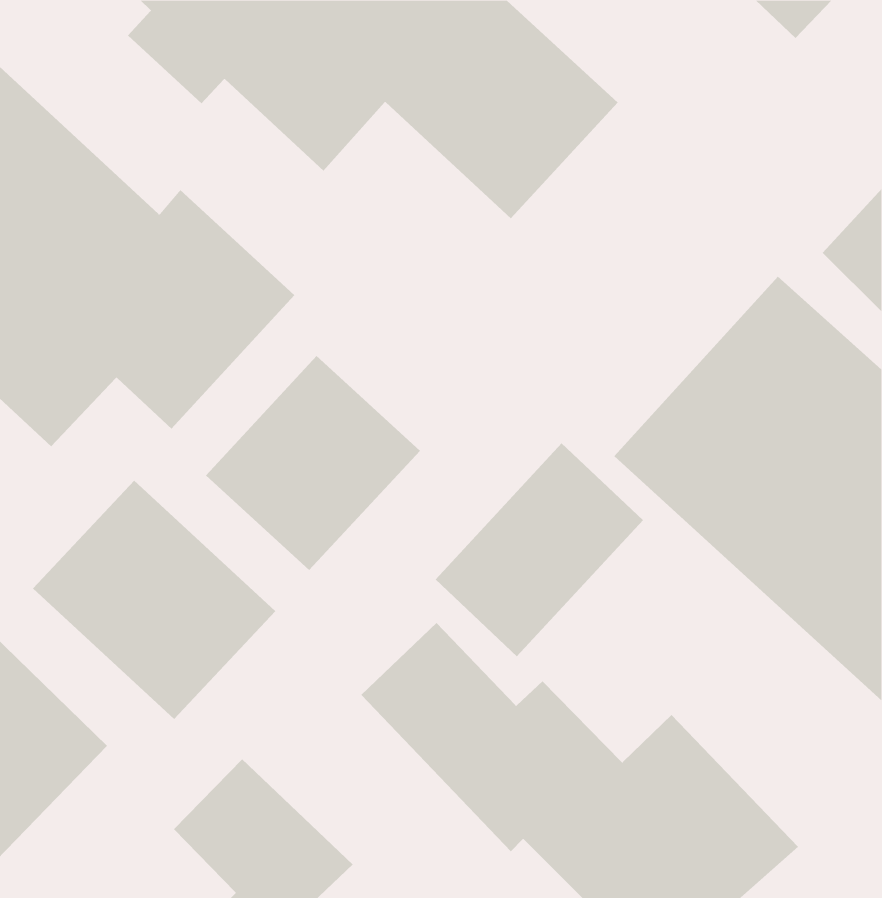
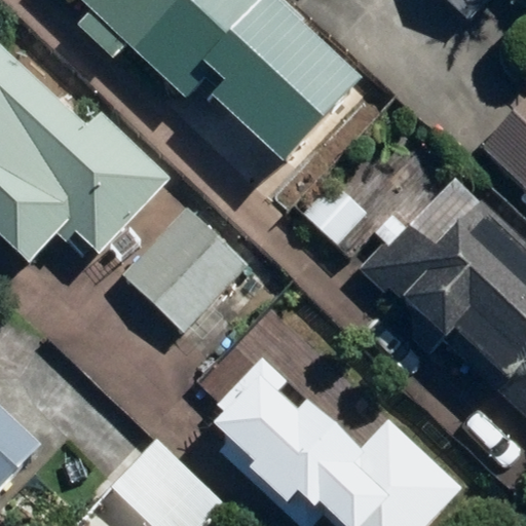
building: [435,443,644,657] -> none
building: [32,480,276,720] -> none

